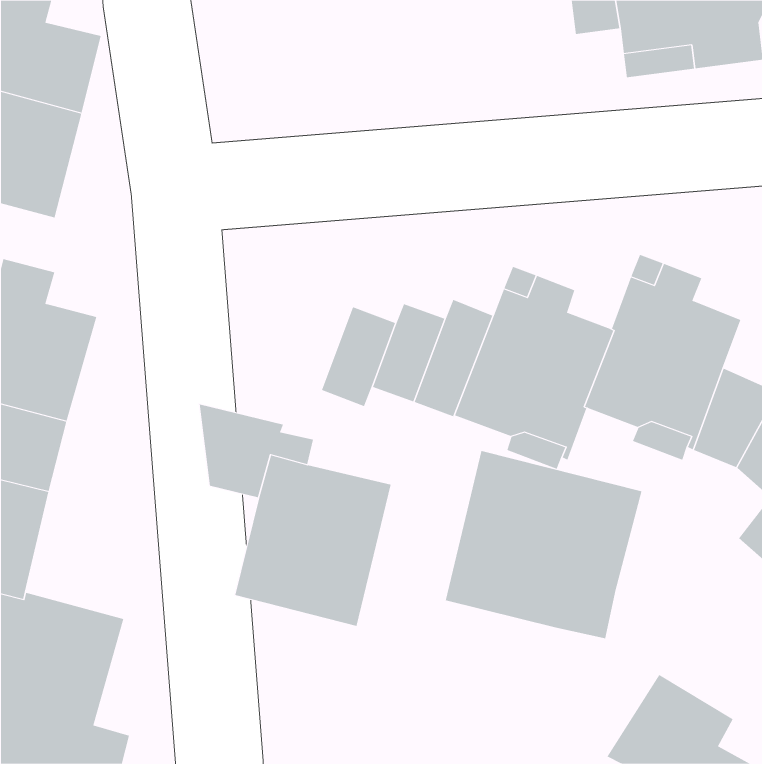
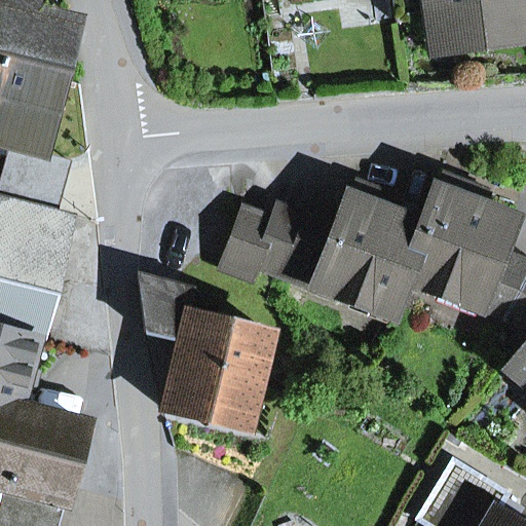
building: [445,450,642,639] -> none

